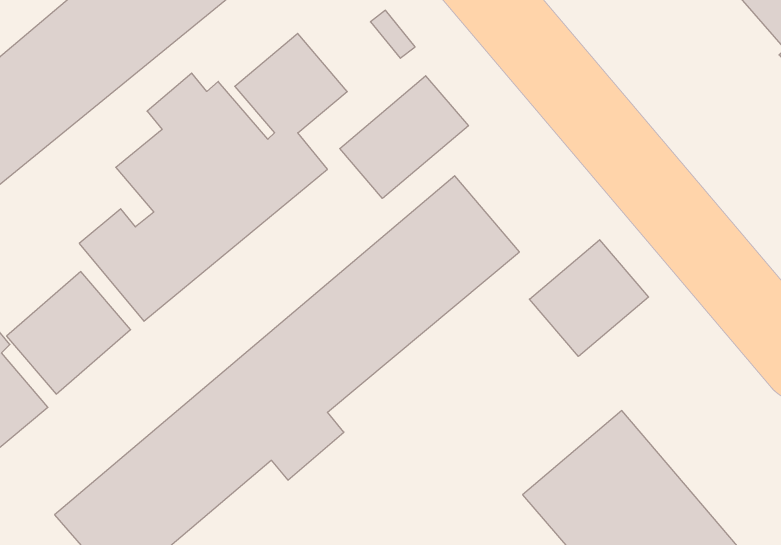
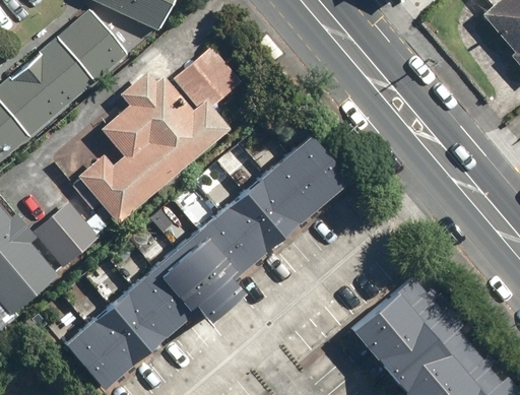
building: [340,76,468,198] -> none
building: [529,240,649,356] -> none

